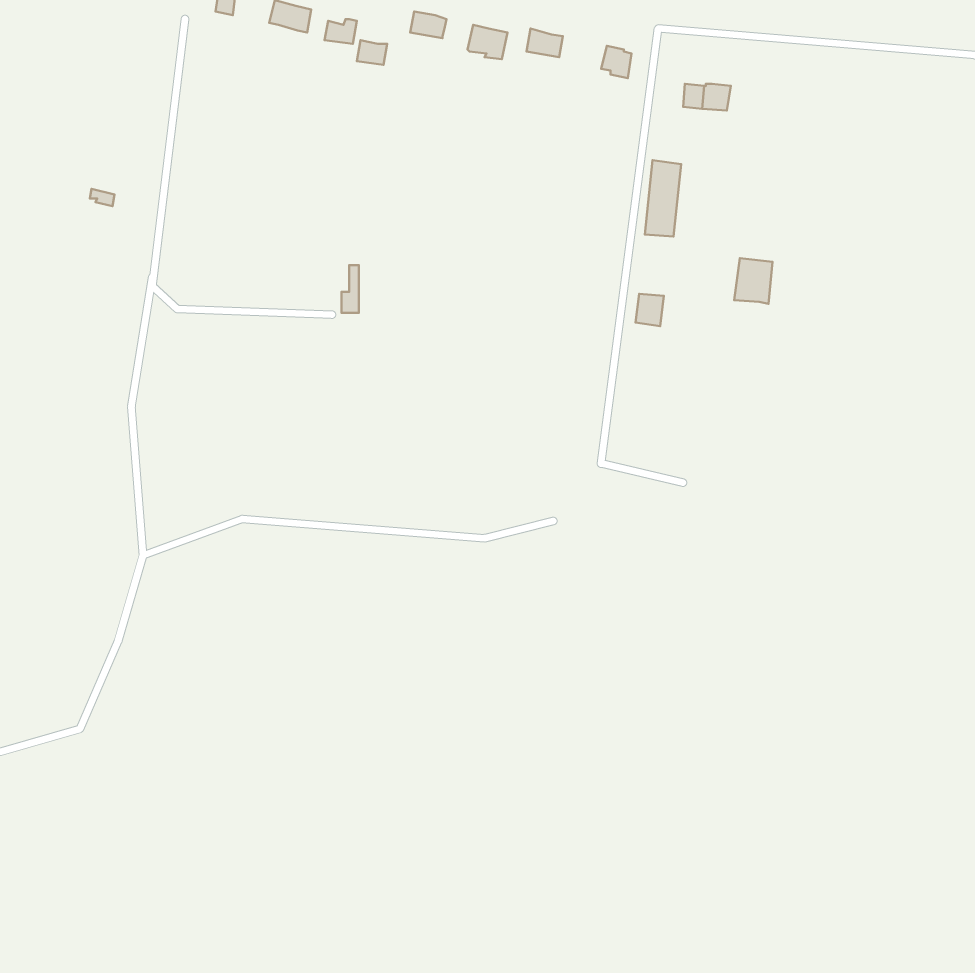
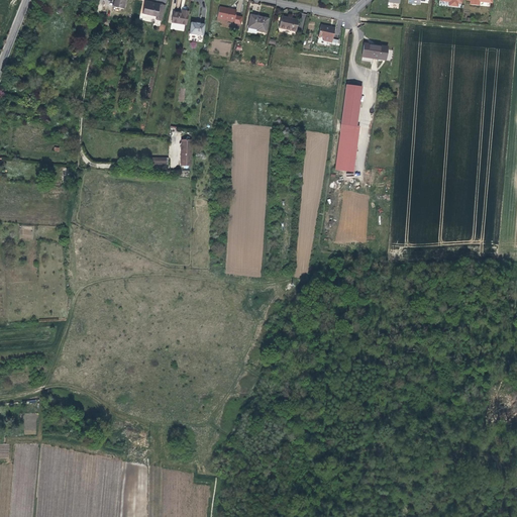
building: [734,258,772,304] -> [338,133,358,158]

